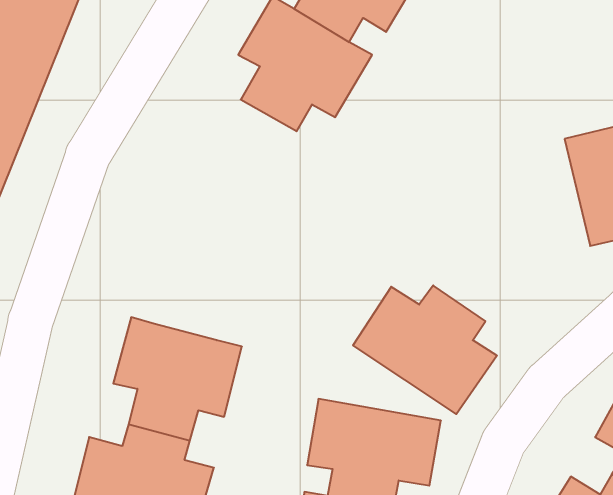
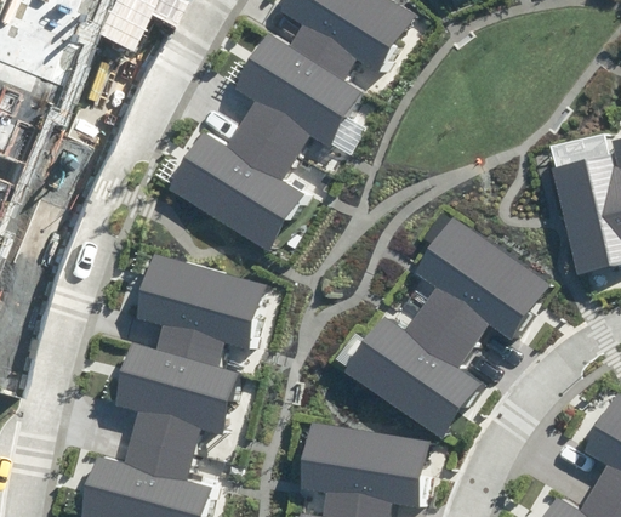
building: none -> [166,132,304,250]
building: none -> [406,217,543,343]
building: none -> [141,249,263,362]

